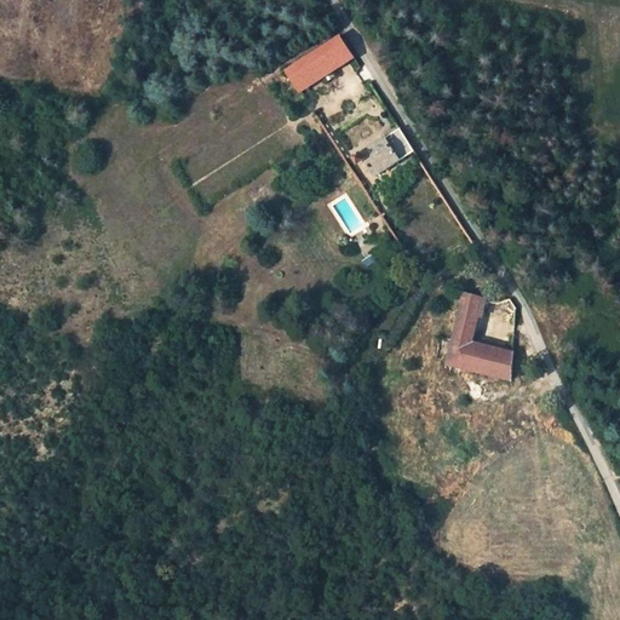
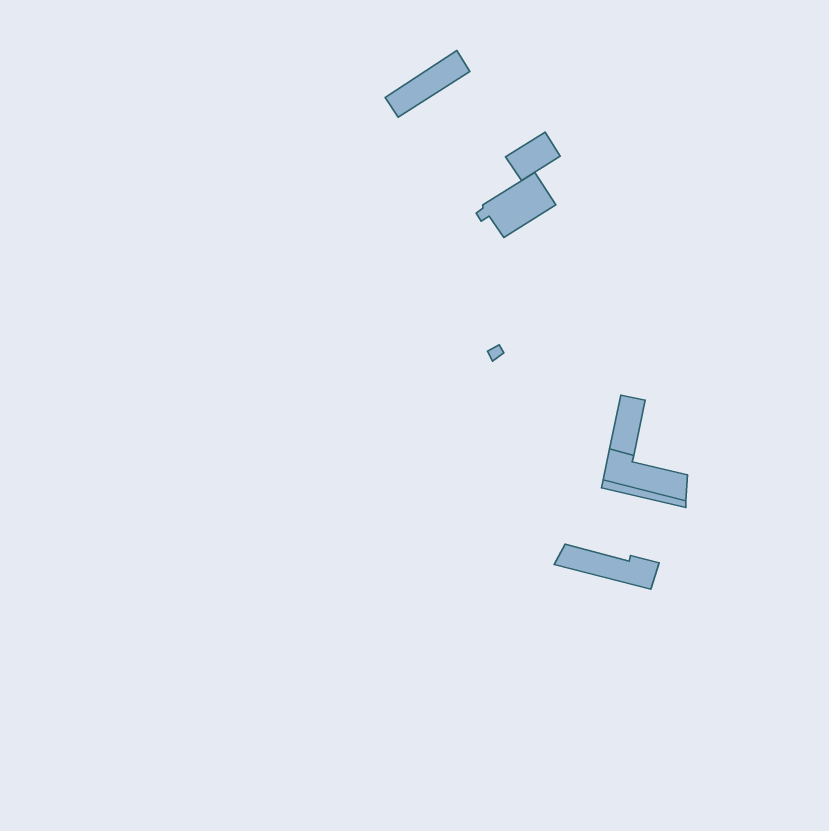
building: none -> [505,132,560,181]
building: none -> [554,544,659,589]

